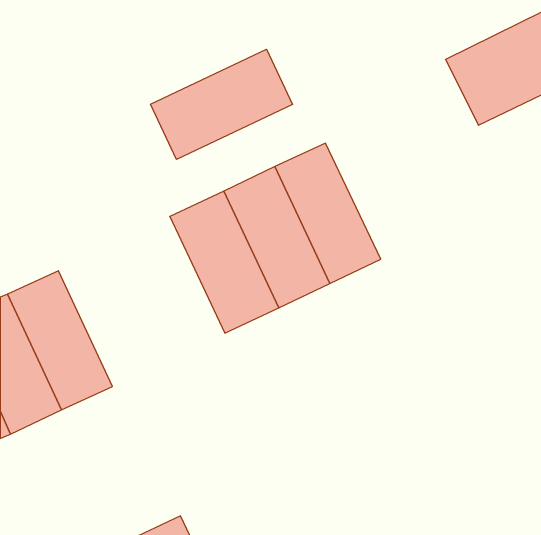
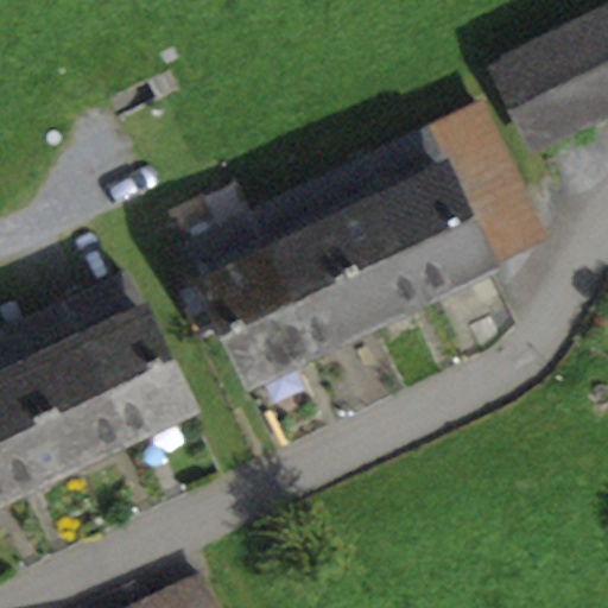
building: [150,49,293,159] -> none
building: none -> [366,114,543,298]
building: none -> [66,283,189,441]

